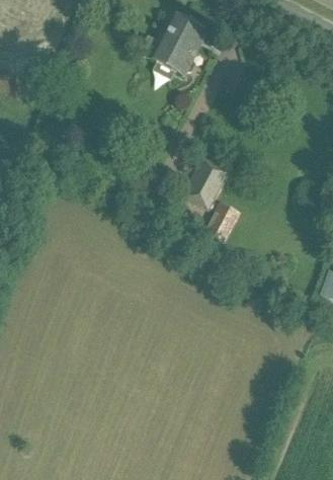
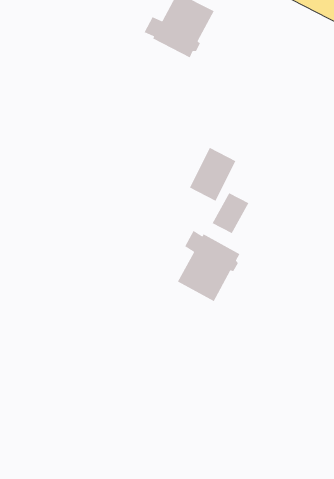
building: none -> [177,230,241,302]

